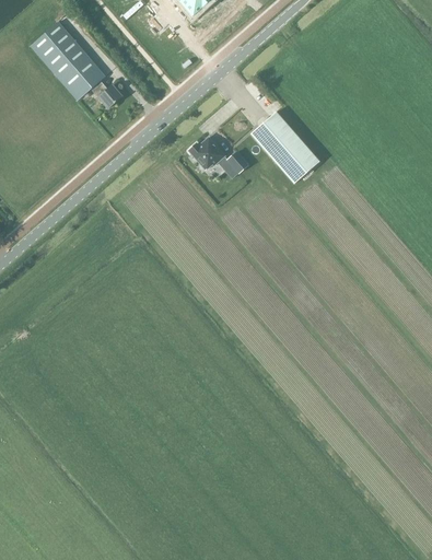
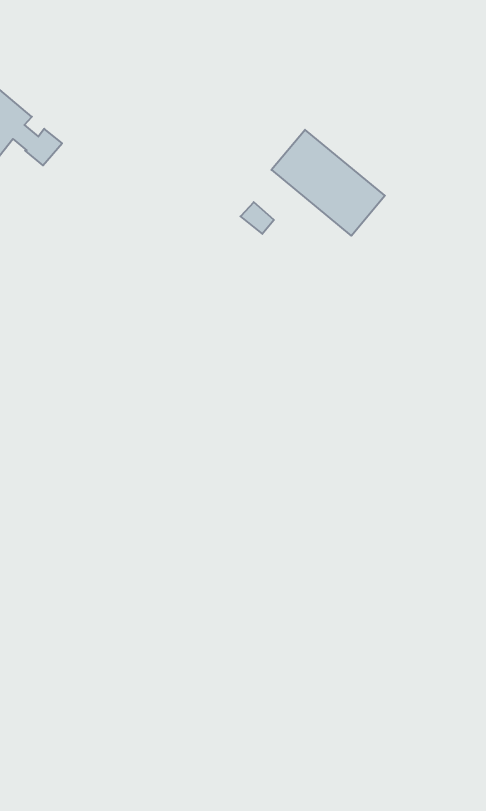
building: [188,137,225,170] -> none

